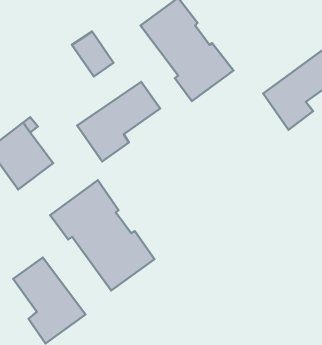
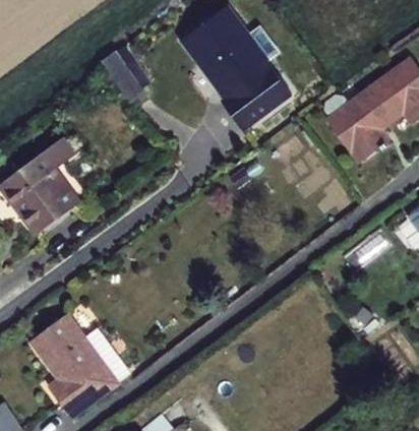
building: [77,82,160,162] -> none
building: [50,180,154,290] -> none

